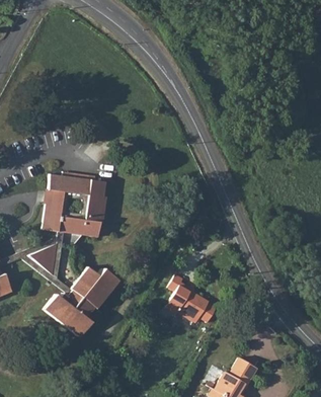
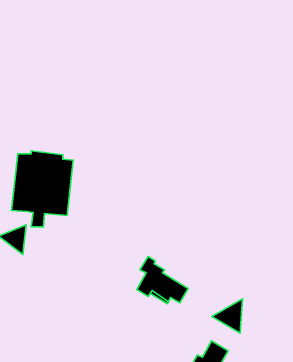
building: [45,267,118,336] -> none
building: none -> [212,299,242,333]

